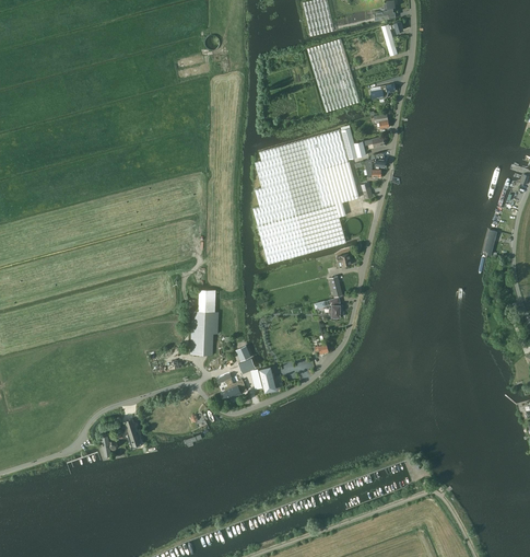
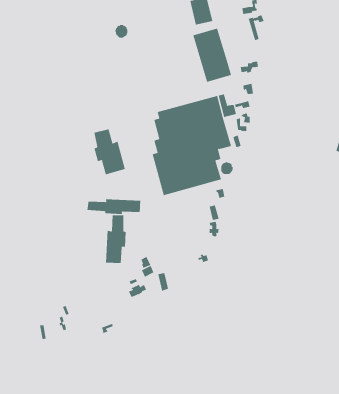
building: none -> [94,129,126,175]
building: none -> [87,198,141,215]

